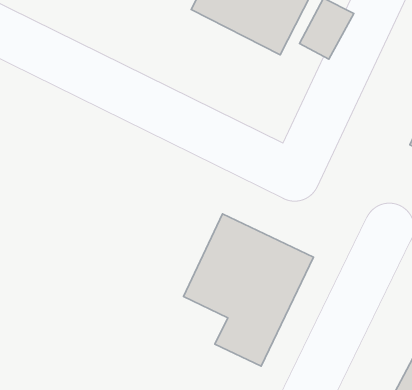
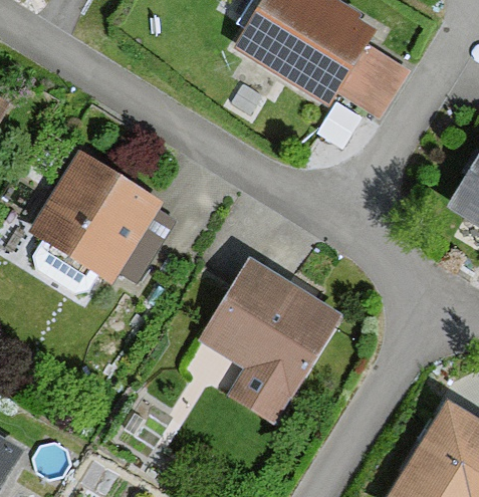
building: none -> [30,151,159,279]

